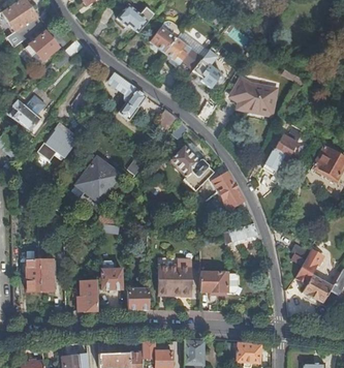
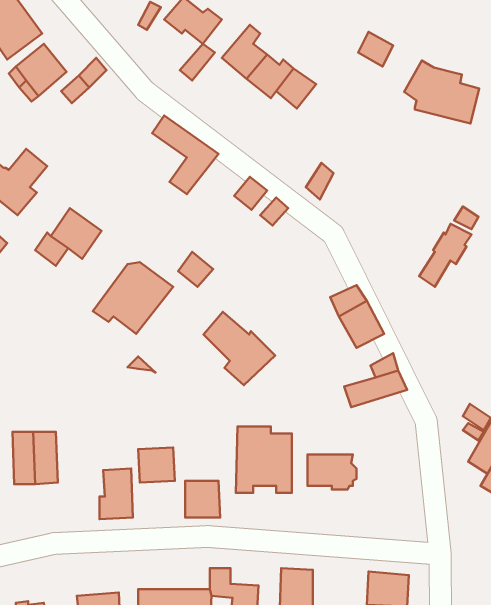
building: [193,50,222,88] -> none
building: [232,78,277,115] -> [404,60,479,123]
building: [171,147,214,190] -> [204,312,275,385]

